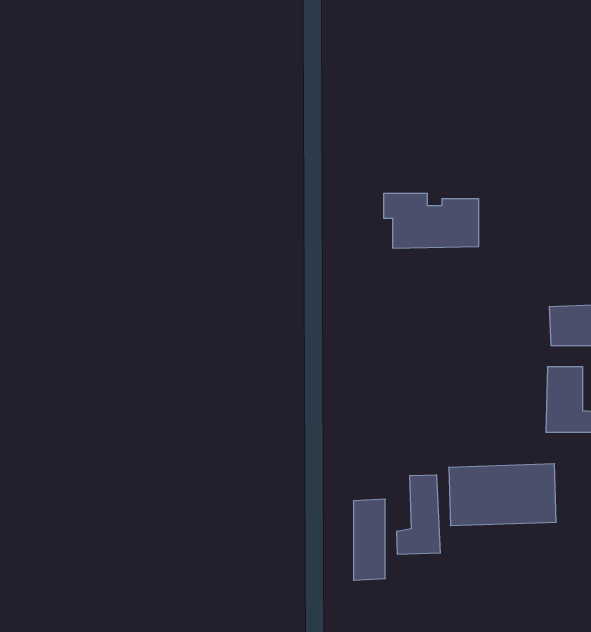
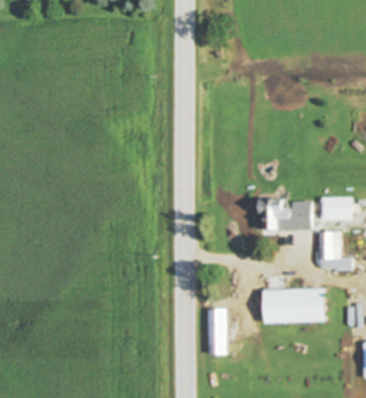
building: [384,193,479,248] -> [258,199,313,230]
building: [397,475,440,554] -> none

